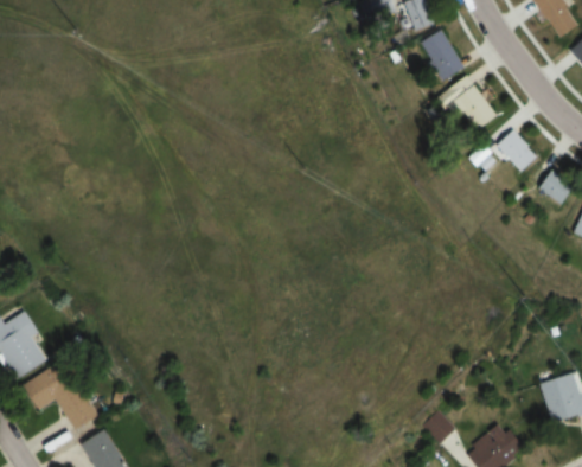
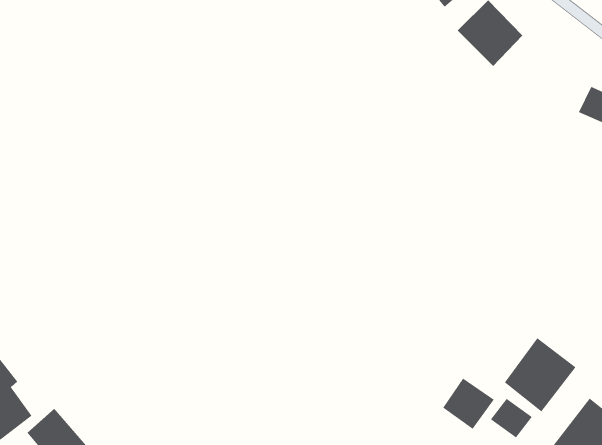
building: [493,130,536,175] -> none
building: none -> [504,337,576,413]
building: none -> [442,378,495,430]

